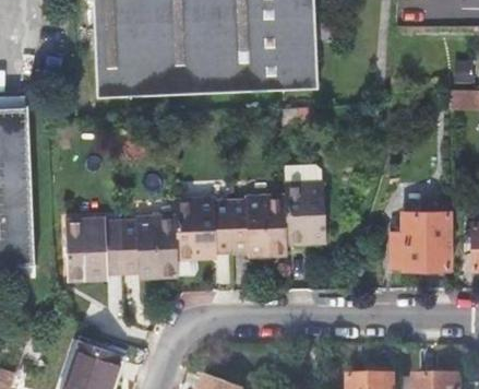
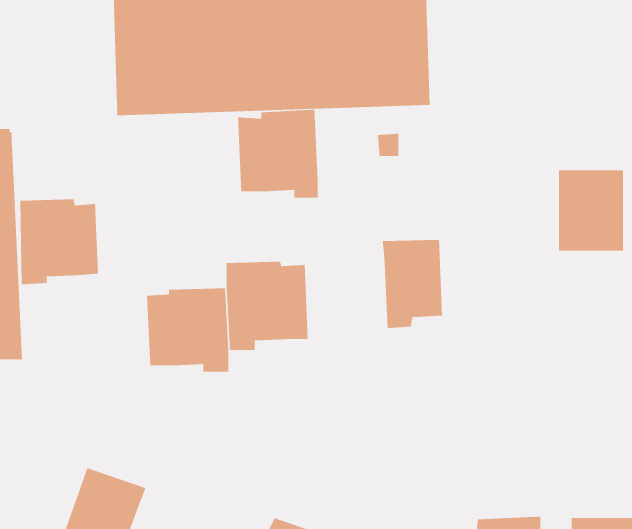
building: [229,195,286,257] -> [237,109,318,198]
building: [402,212,447,269] -> [558,170,624,251]
building: [64,219,120,279] -> [19,199,99,285]

